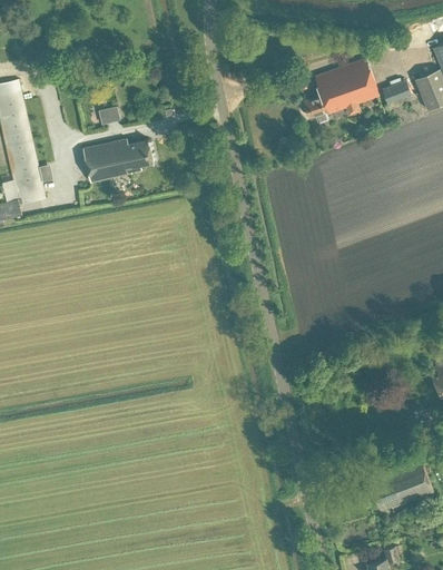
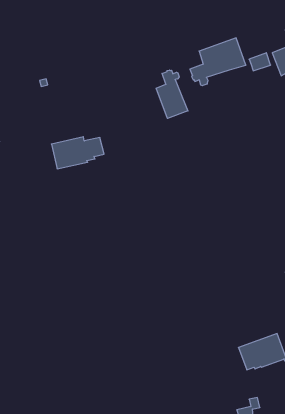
building: none -> [156,70,188,118]
building: [83,139,155,183] -> [51,137,104,169]

